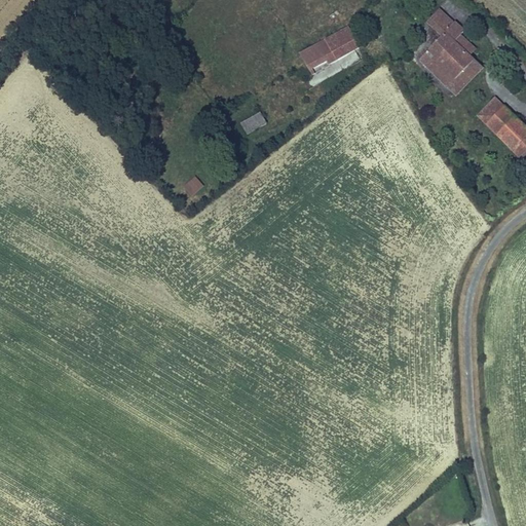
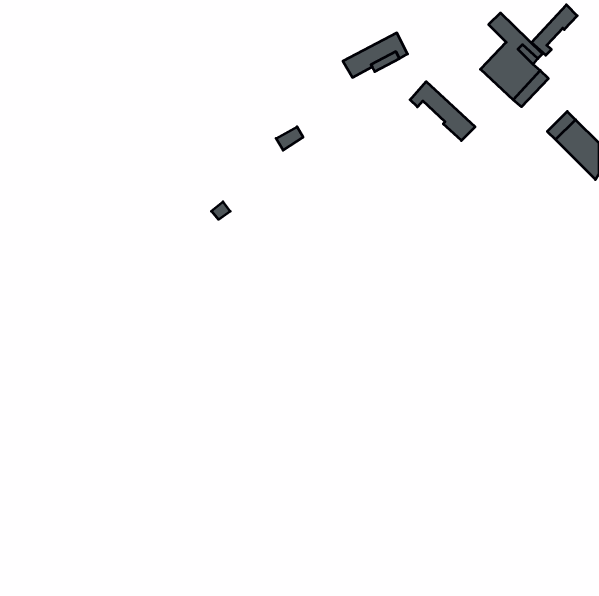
building: none -> [532,5,577,55]
building: none -> [410,82,475,141]

